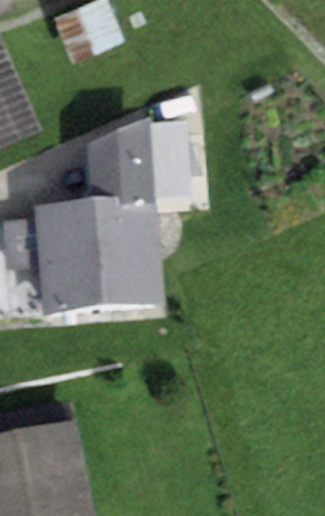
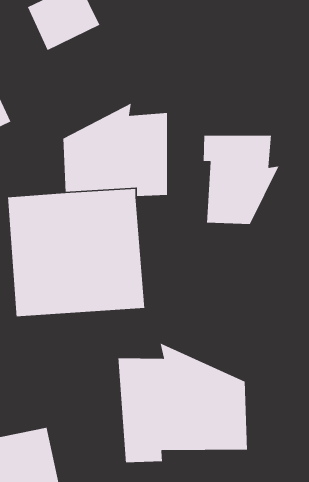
building: none -> [203,135,280,225]
building: none -> [118,342,248,463]

